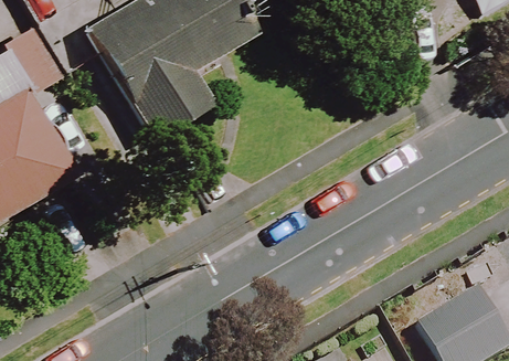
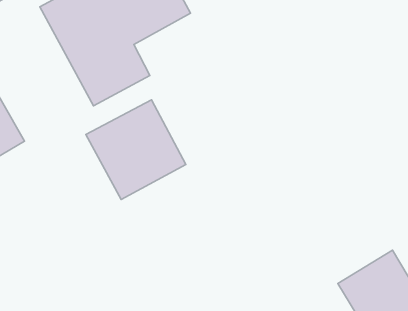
building: none -> [86,100,186,200]

